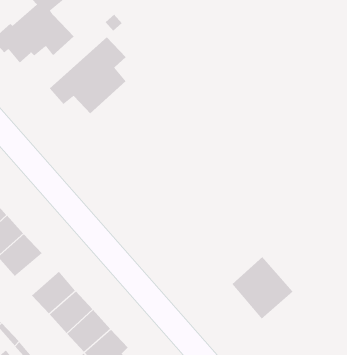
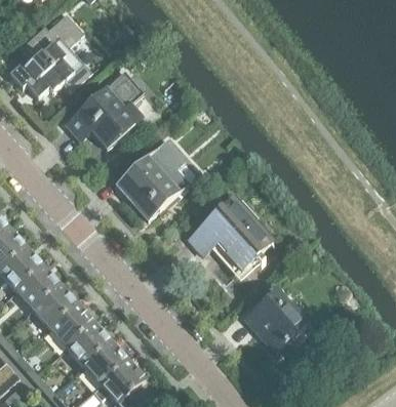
building: none -> [115,138,191,220]
building: none -> [189,198,273,270]
building: none -> [32,286,76,328]

